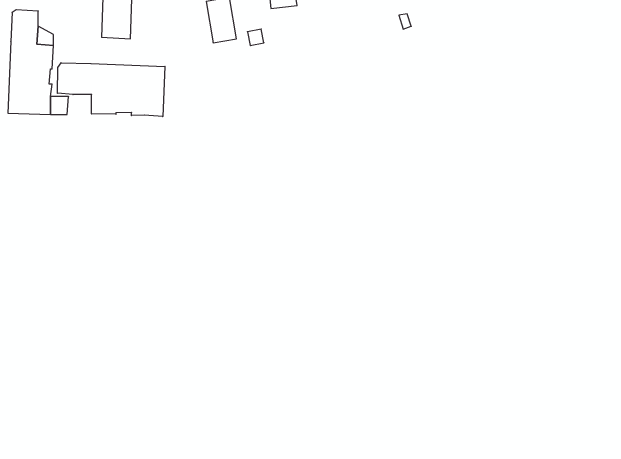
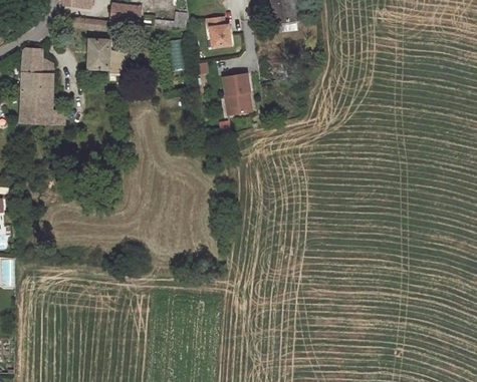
building: none -> [223,72,251,113]
building: [57,63,165,117] -> none

